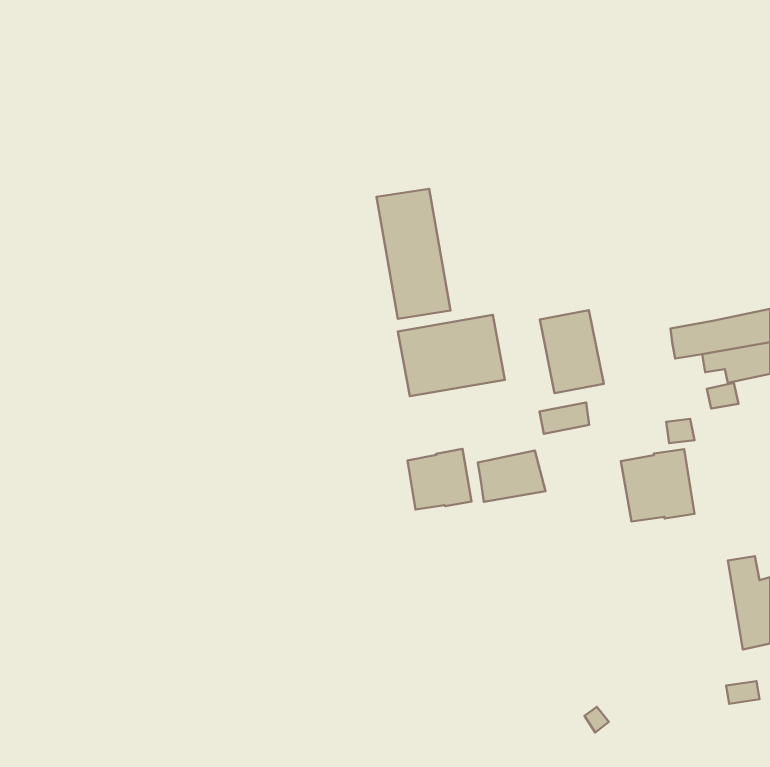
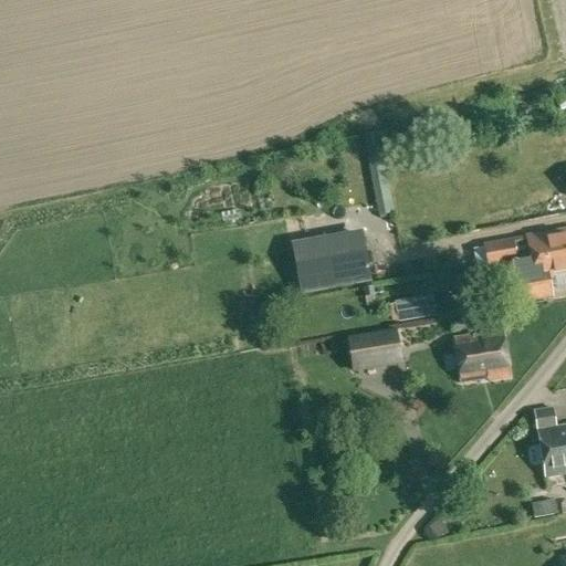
building: [377,189,450,319] -> none
building: [540,310,604,393] -> none
building: [408,449,471,510] -> none

